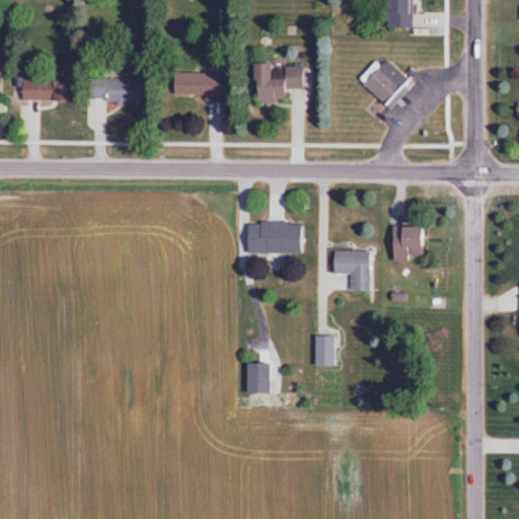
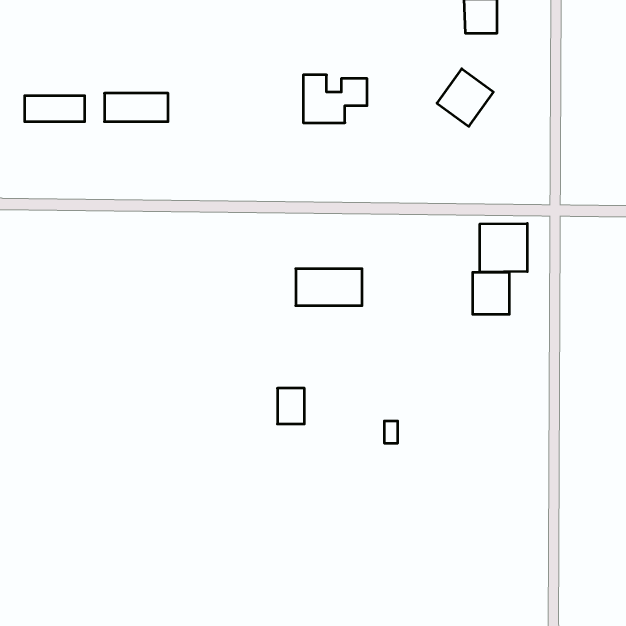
building: [172,71,222,97] -> none
building: none -> [480,223,527,272]
building: [332,250,369,290] -> none
building: [246,363,269,392] -> [277,388,304,424]

